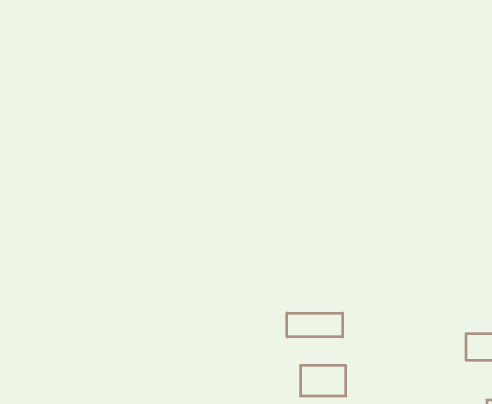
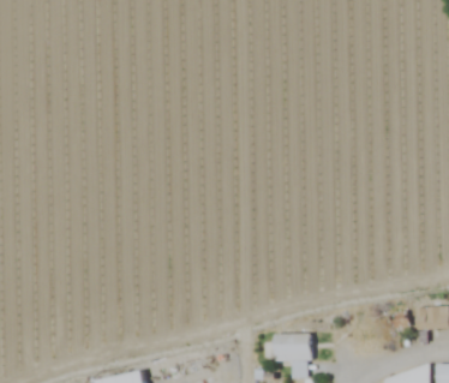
building: [287,313,343,337] -> none

